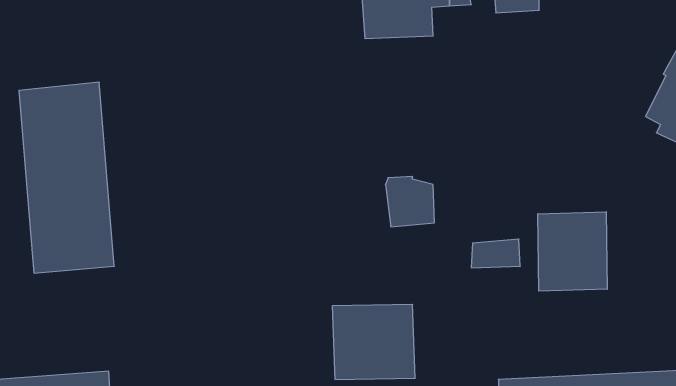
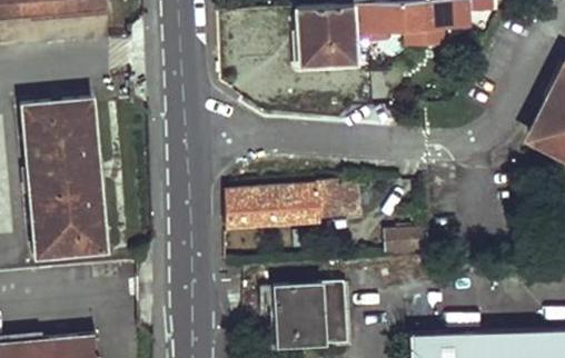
building: none -> [228,187,325,225]
building: [538,212,607,291] -> none

